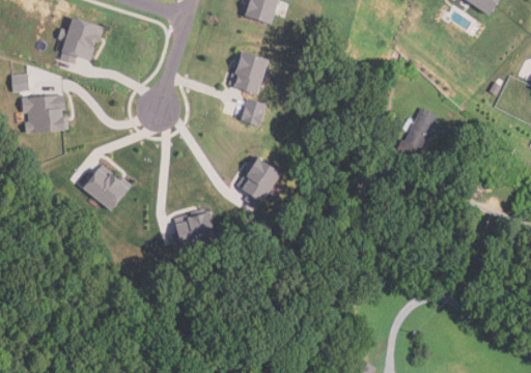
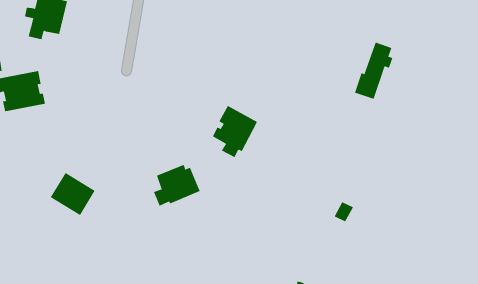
building: [227,51,271,93] -> none
building: [241,97,267,125] -> none
building: [83,163,131,209] -> [50,172,95,216]

